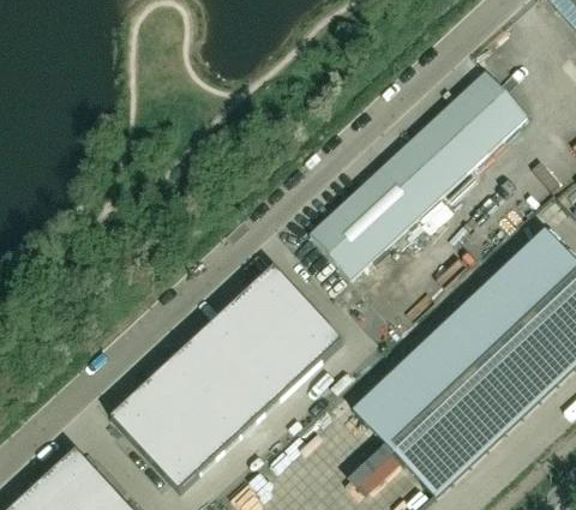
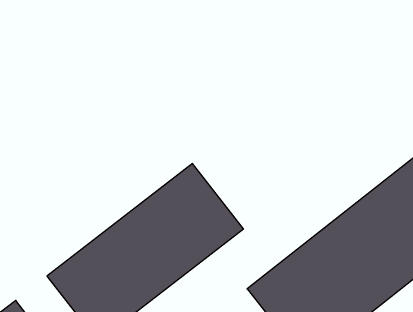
building: [310,70,524,277] -> none

